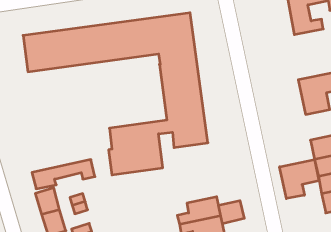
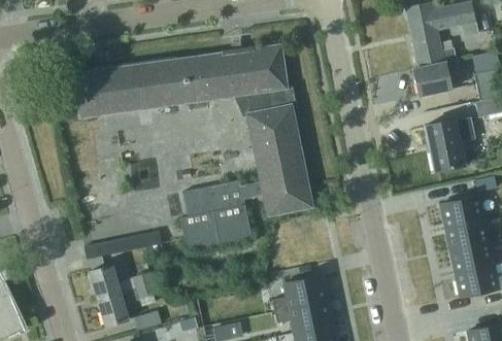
building: none -> [414,62,460,97]
building: [280,159,319,199] -> none
building: [219,201,244,224] -> none

